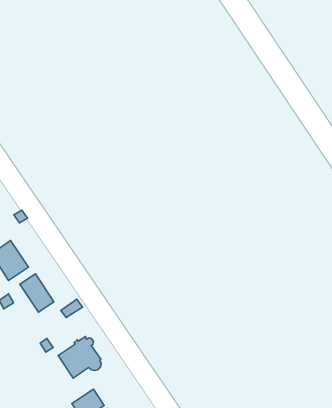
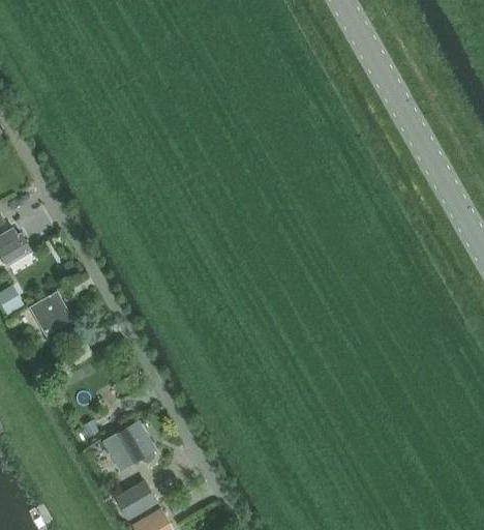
building: [20,274,54,312] -> none

